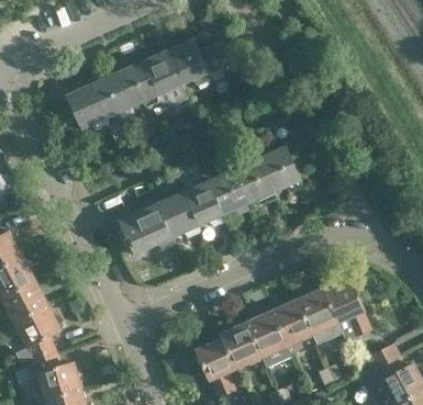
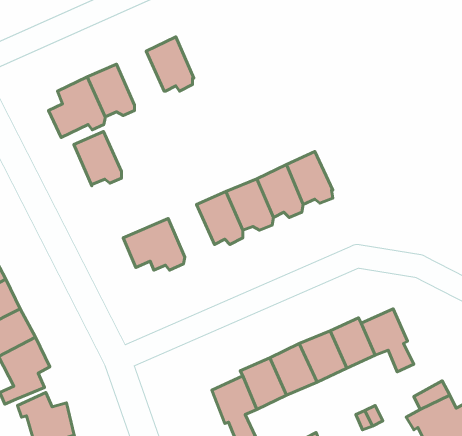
building: [166,40,220,86] -> none
building: [115,63,156,109] -> [74,132,122,186]
building: [159,193,199,238] -> none

